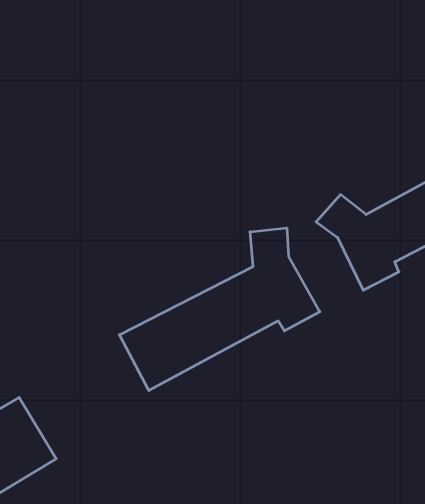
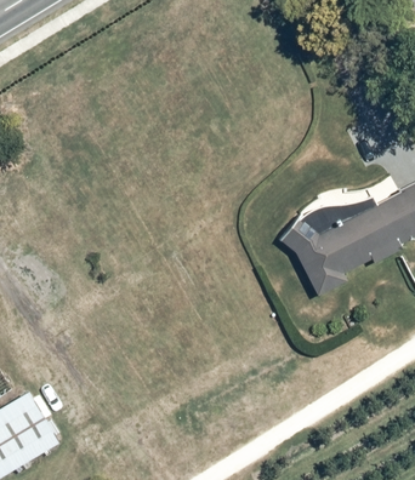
building: [119,228,320,391] -> none

